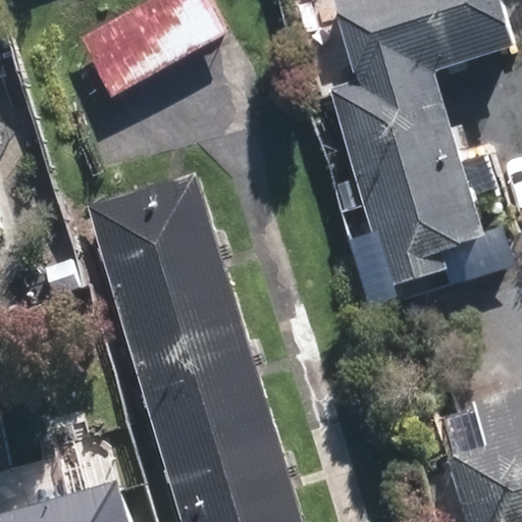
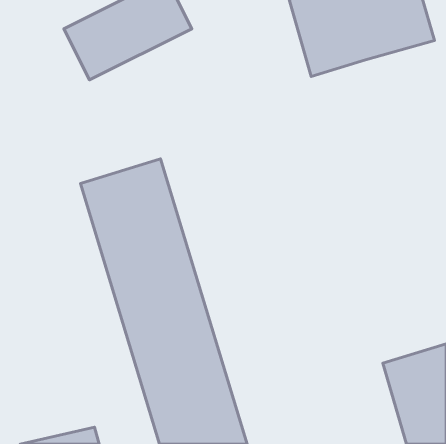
building: [338,69,477,280] -> none

